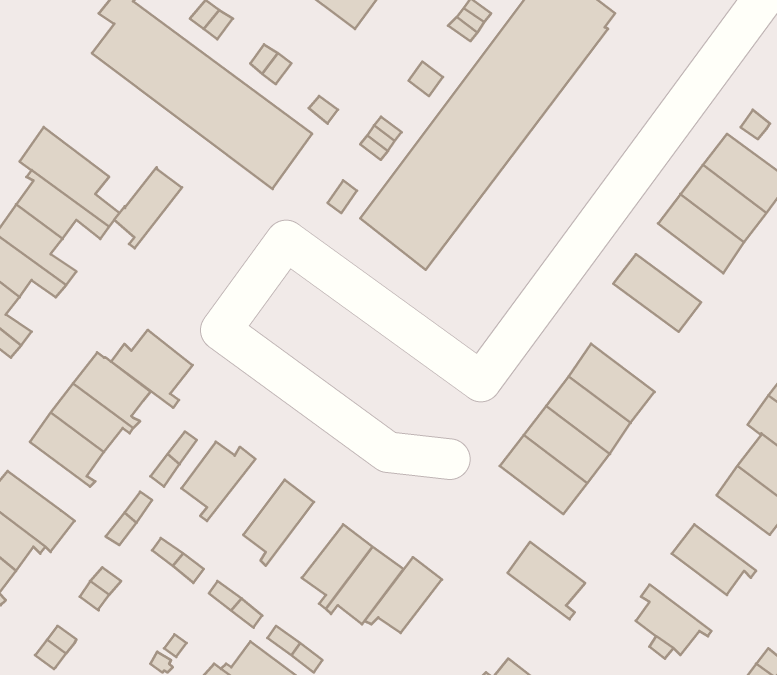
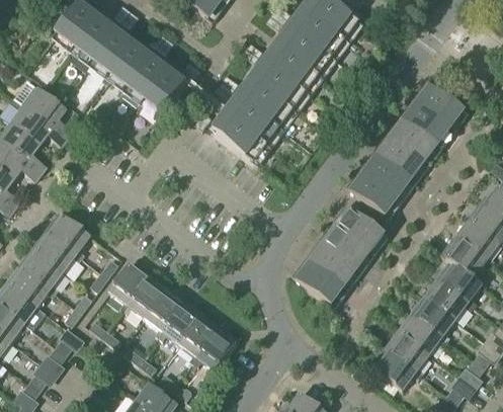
building: [114,167,182,248] -> none
building: none -> [375,134,427,180]
building: none -> [349,169,401,216]
building: [111,330,193,408] -> none
building: none -> [6,262,55,303]
building: none -> [123,272,169,317]
building: none -> [410,294,454,338]
building: [508,542,585,619] -> [384,328,429,374]
building: [365,557,442,633] -> [158,298,203,342]

